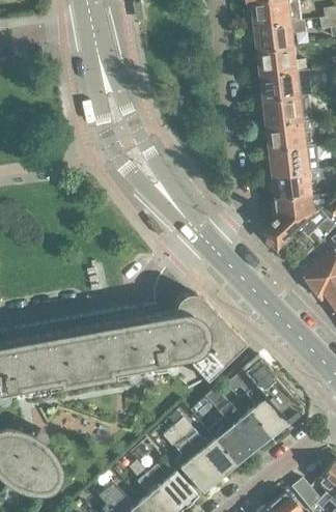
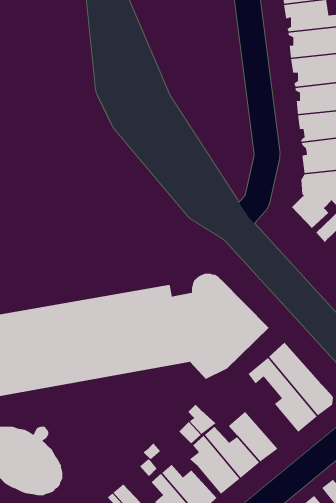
building: [197,388,271,452] -> none

